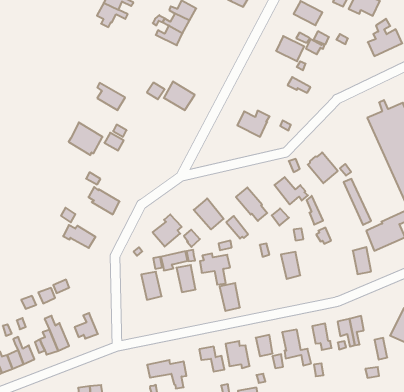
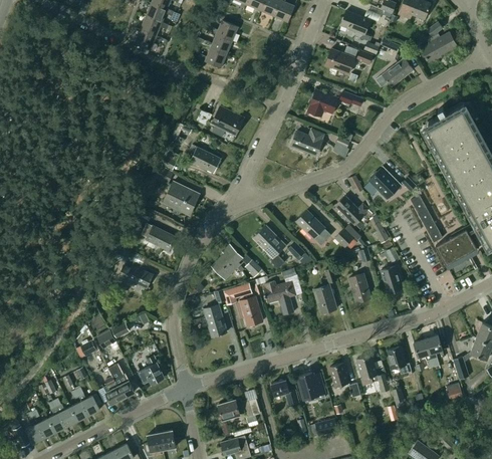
building: none -> [382,58,413,87]
building: none -> [308,90,338,118]
building: [97,83,125,110] -> [190,146,220,173]
building: [69,122,103,155] -> [164,182,199,215]
building: [353,247,371,274] -> [381,264,402,293]
building: [220,283,240,311] -> [313,284,336,314]

